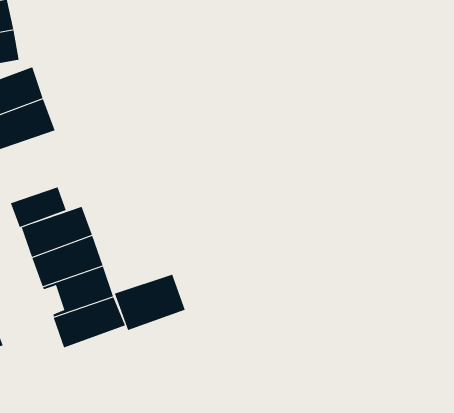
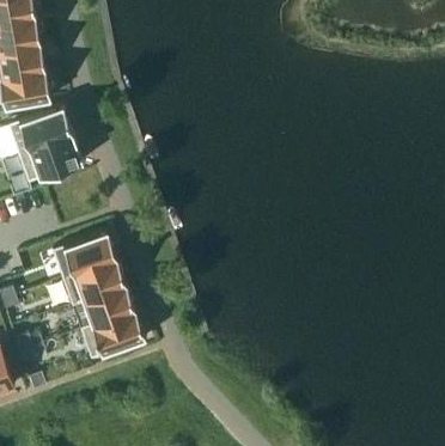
building: [10,186,66,228] -> none
building: [114,274,185,331] -> none

